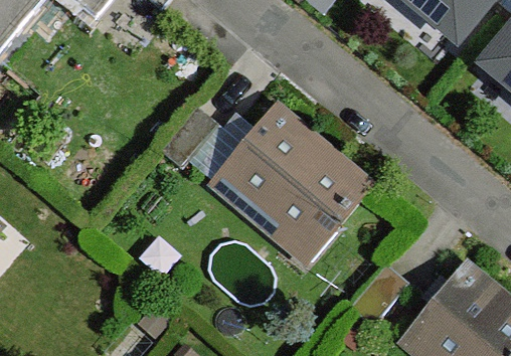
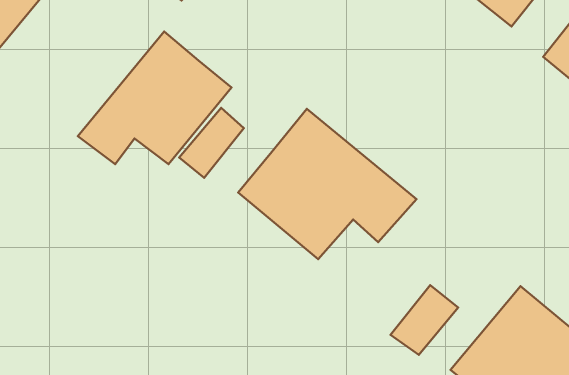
building: none -> [78,32,232,164]

